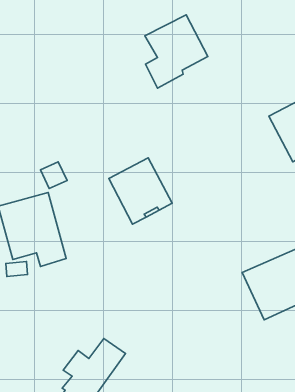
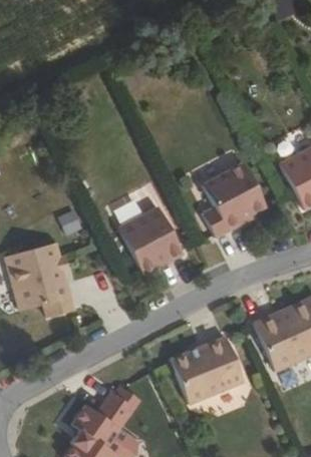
building: [145,15,208,88] -> [204,163,268,238]
building: none -> [172,336,246,403]

